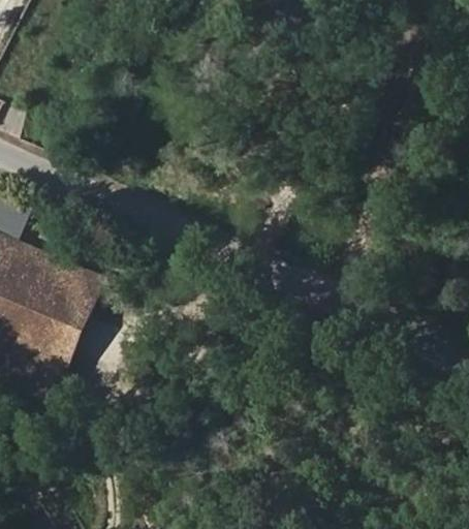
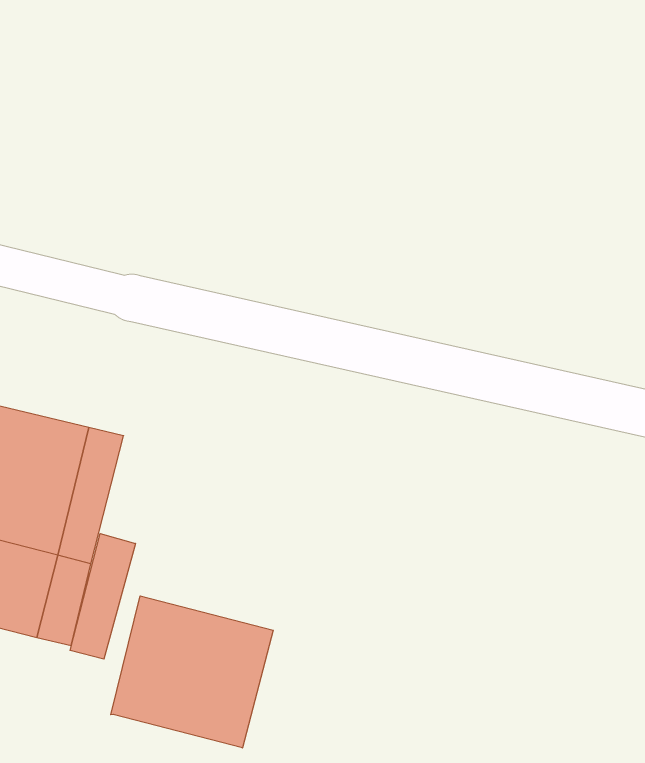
building: none -> [70,534,135,659]
building: none -> [111,596,273,748]

